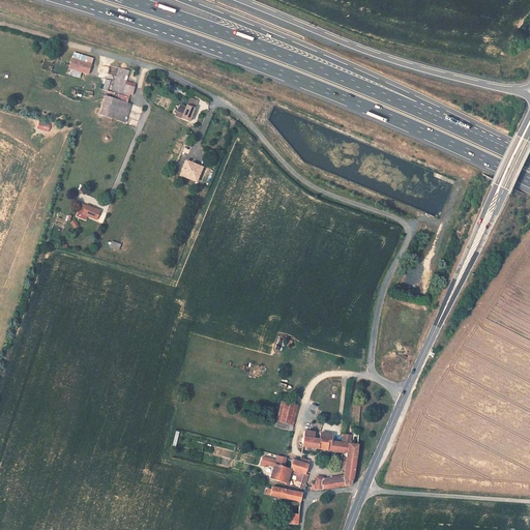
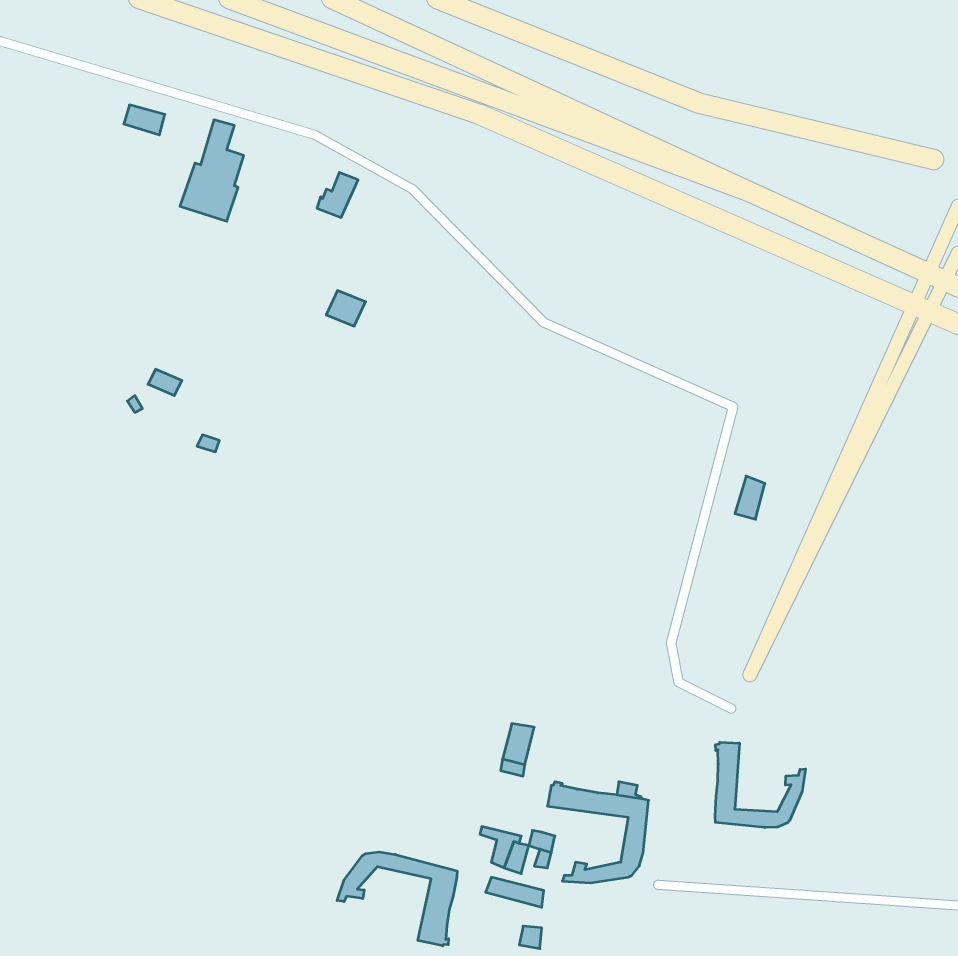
building: none -> [715,742,806,828]
building: none -> [337,852,457,946]

